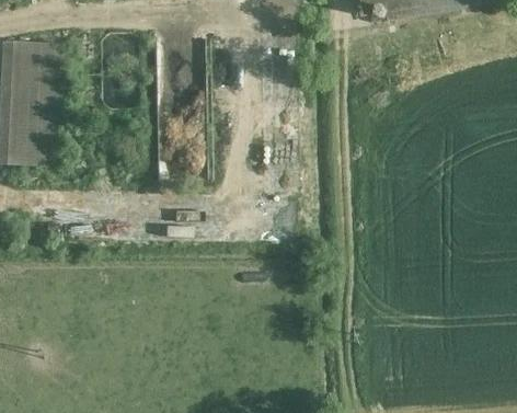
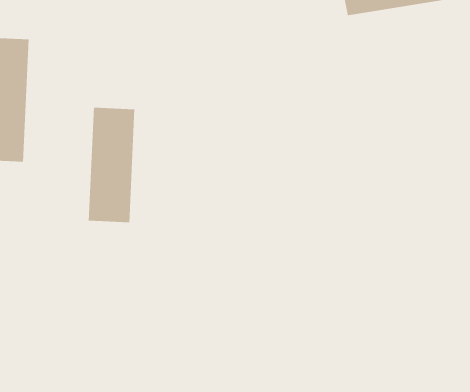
building: none -> [88,107,135,223]

